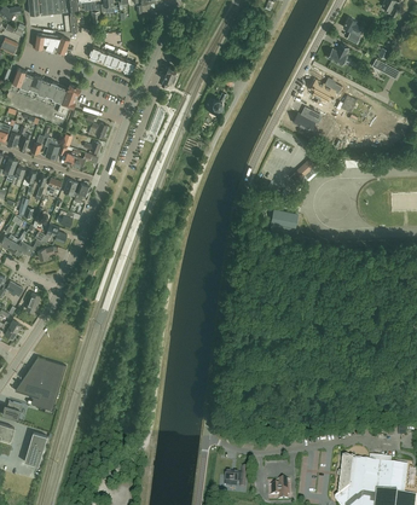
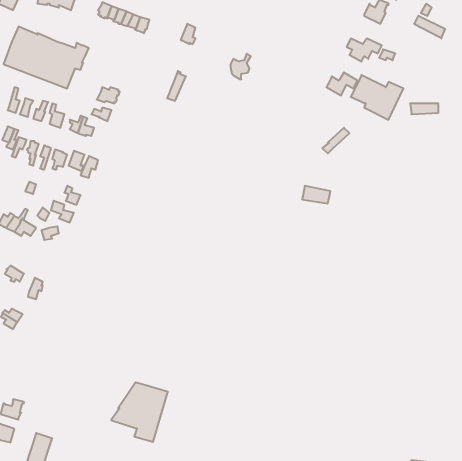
building: [16,356,66,410] -> [111,382,168,442]

